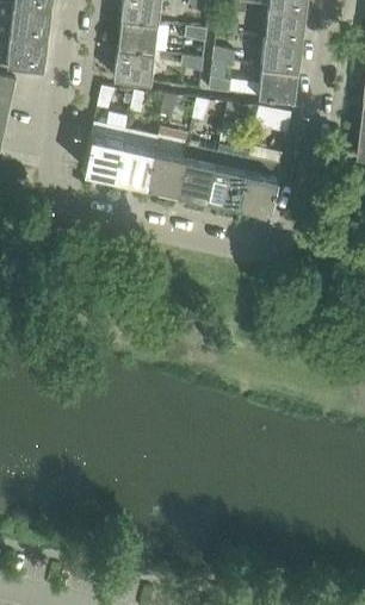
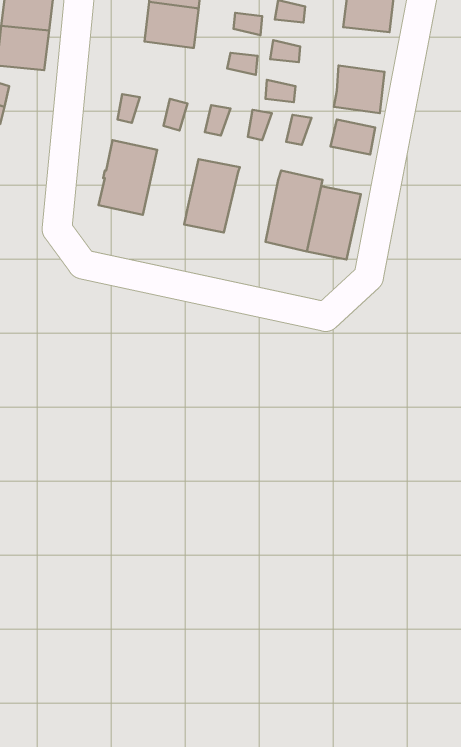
building: [261,37,299,70] -> none
building: [112,48,153,83] -> none
building: [115,129,156,185] -> none
building: [175,145,216,198] -> none

